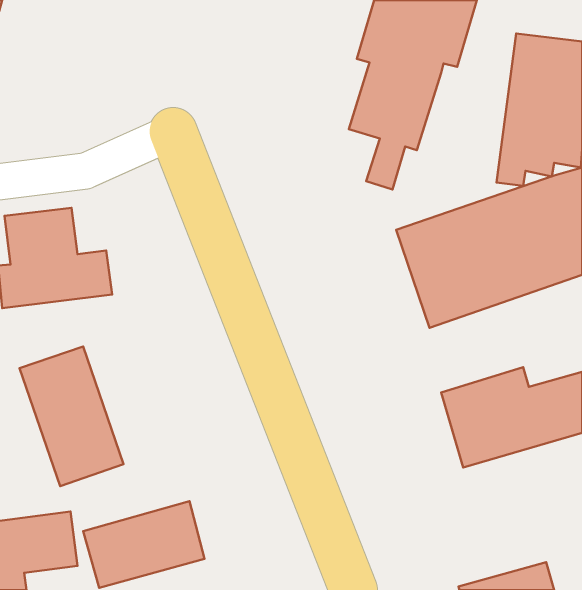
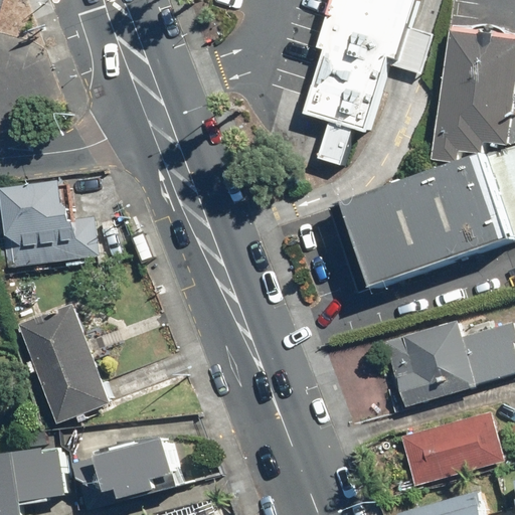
building: none -> [400,411,502,487]

